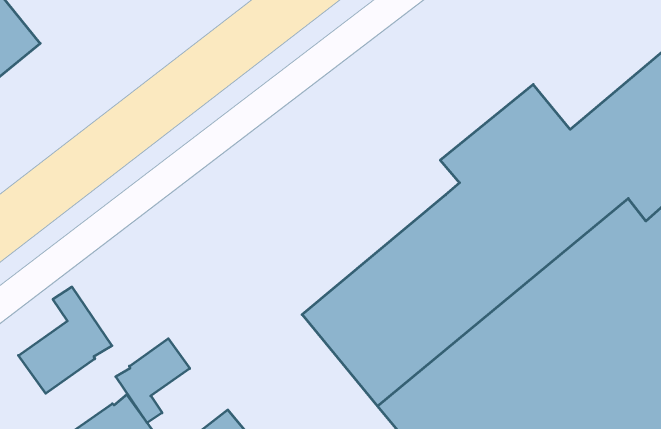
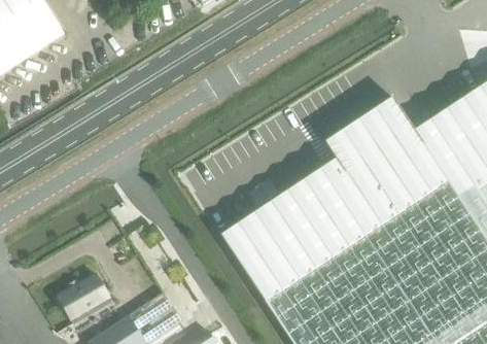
building: [18,287,112,393] -> none
building: [116,339,190,423] -> none

